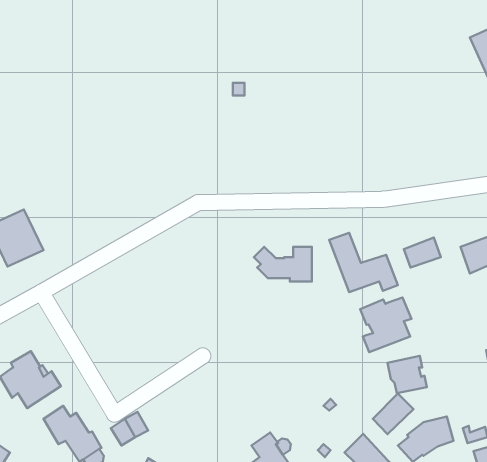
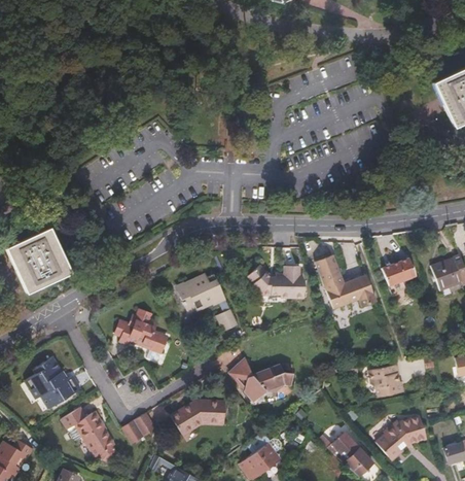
building: none -> [178,275,238,332]
building: none -> [114,309,166,359]
building: [360,298,412,352] -> none
building: none -> [234,359,292,400]
building: [373,394,414,434] -> none
building: none -> [172,401,225,435]

